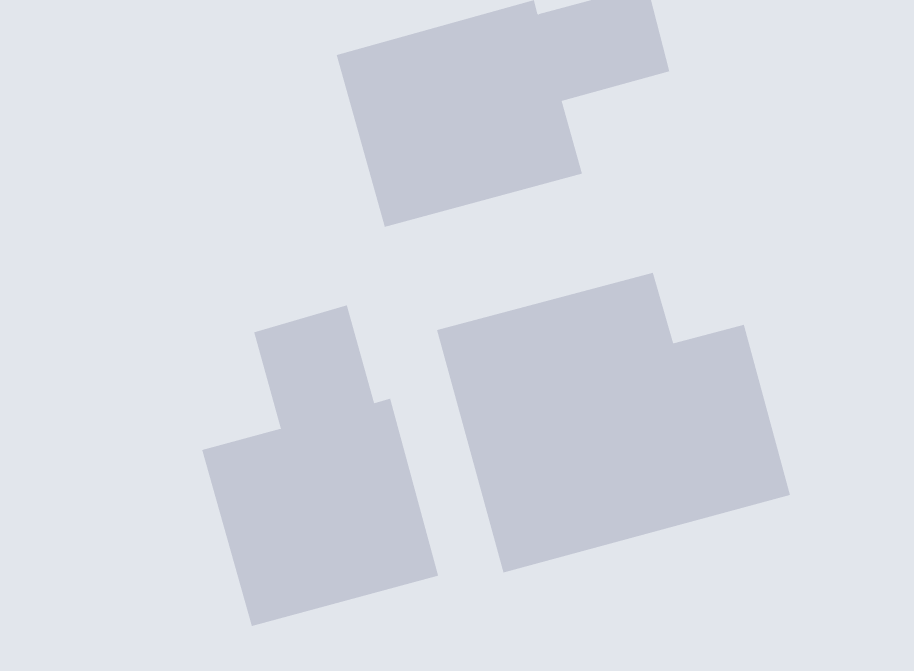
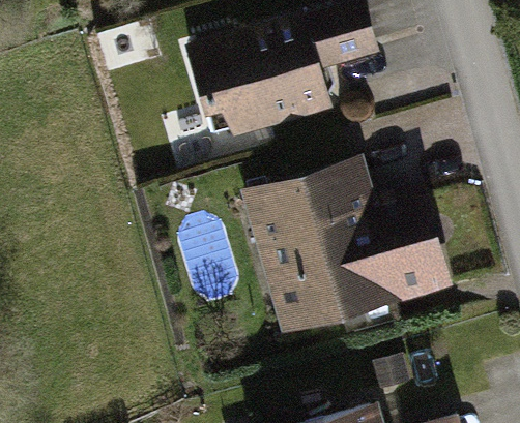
building: [202,305,439,627] -> none

